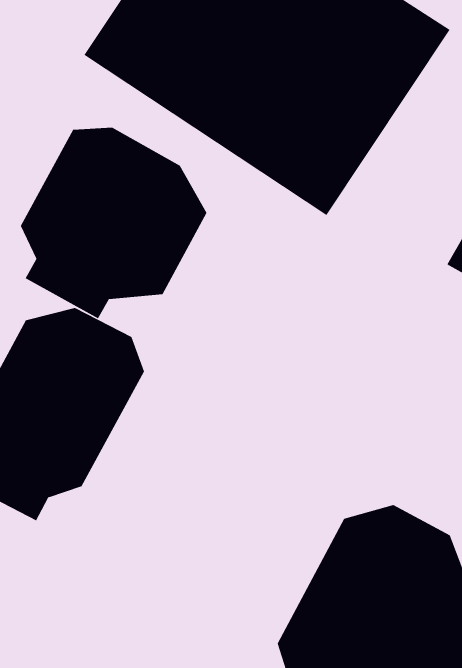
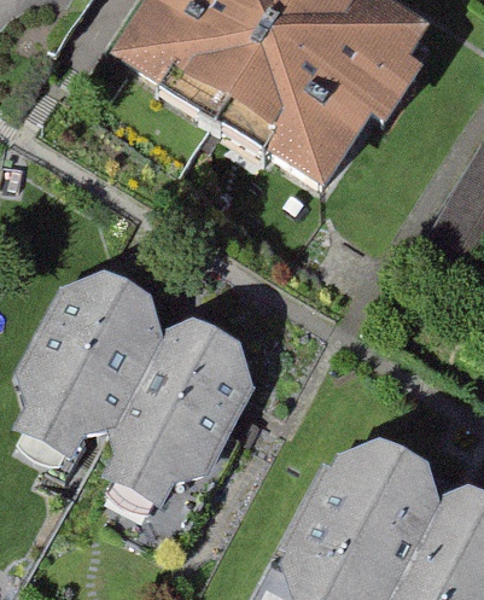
building: [20,127,207,319] -> none
building: none -> [106,319,255,505]

